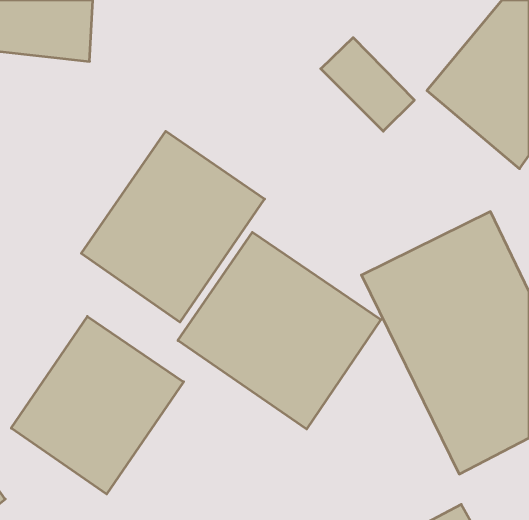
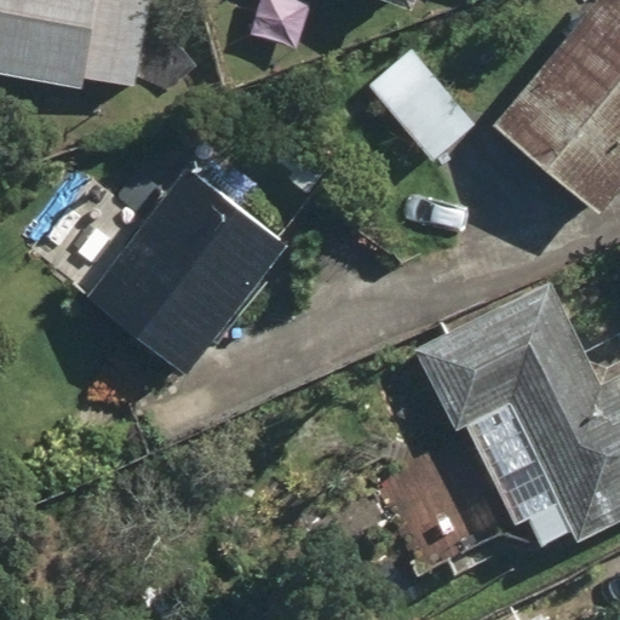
building: [178,232,381,429] -> none
building: [11,316,184,494] -> none

